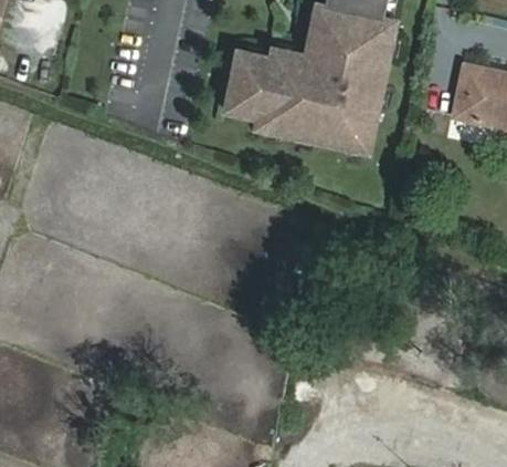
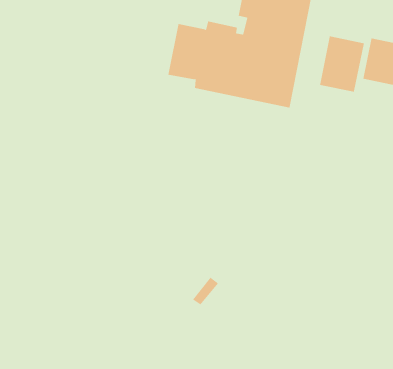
building: none -> [319,36,364,93]

